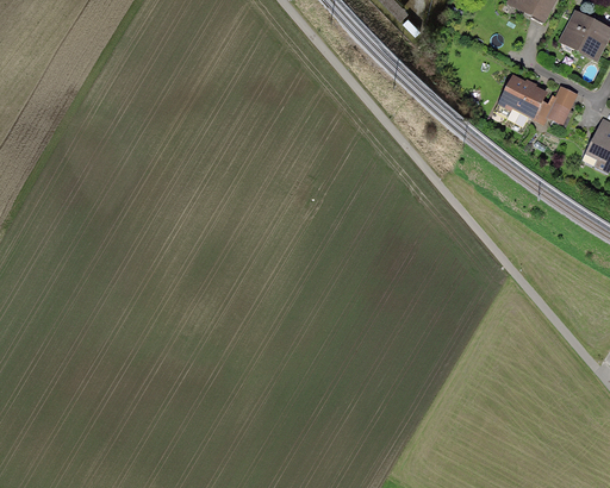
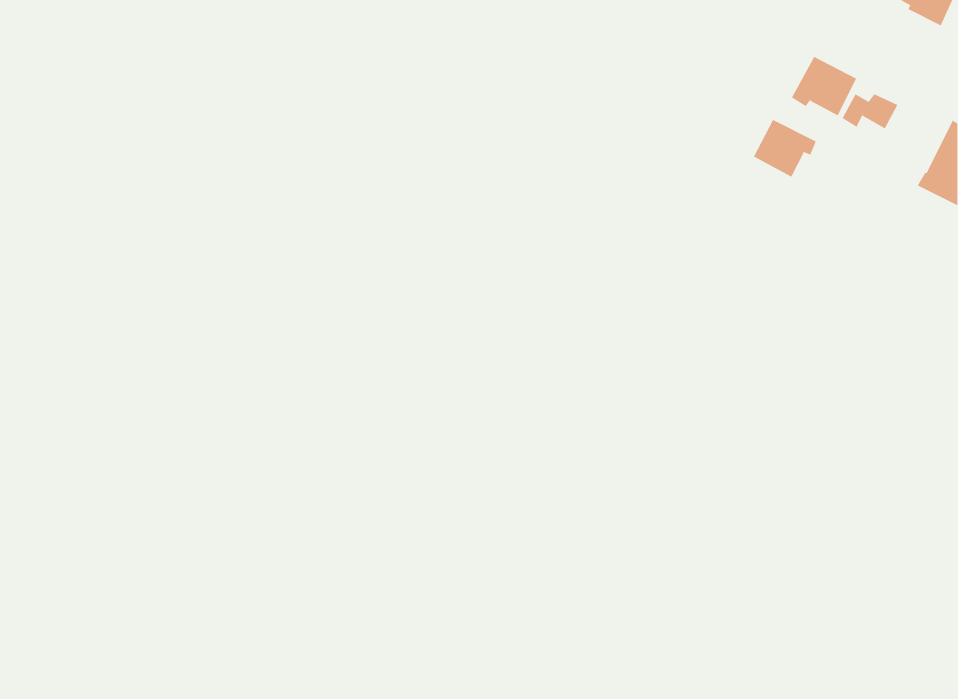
building: none -> [753,119,816,178]

